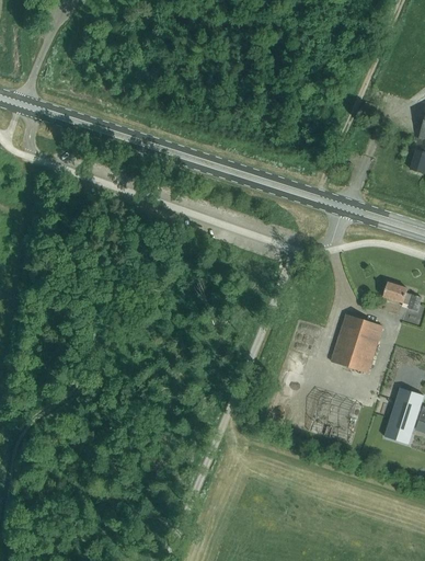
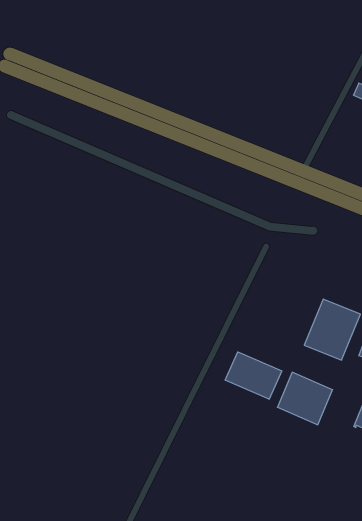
building: none -> [225,352,282,399]

